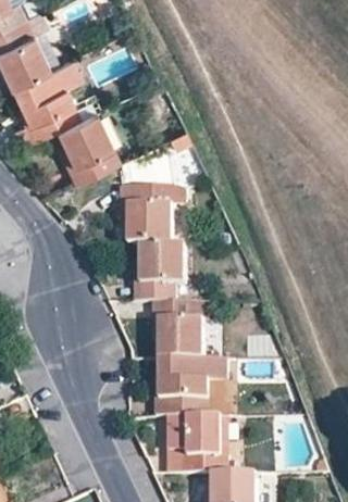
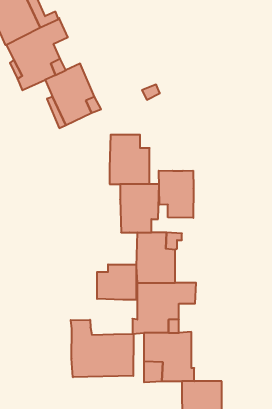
building: none -> [159,171,193,218]
building: none -> [97,264,136,300]
building: none -> [71,320,134,377]

